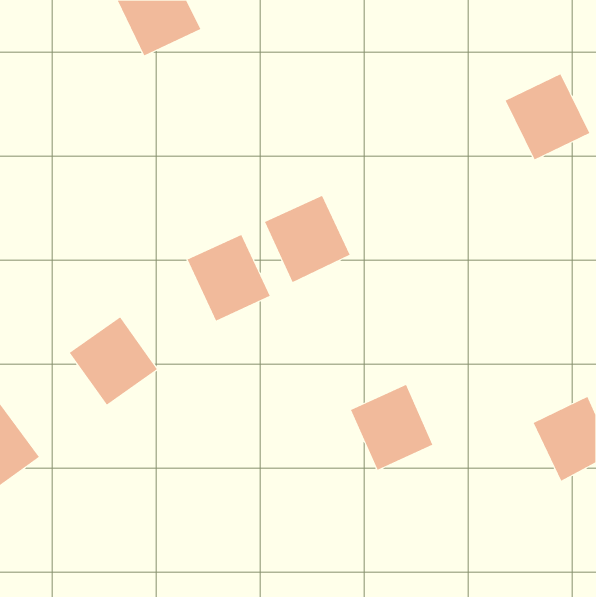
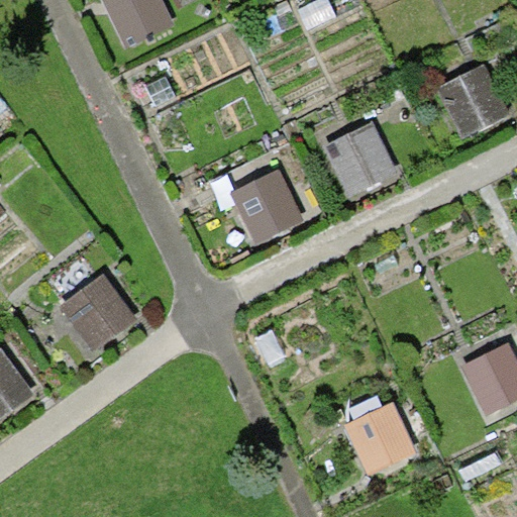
building: none -> [322,121,399,200]
building: [187,234,271,321] -> none
building: [350,384,433,471] -> [344,402,416,477]

